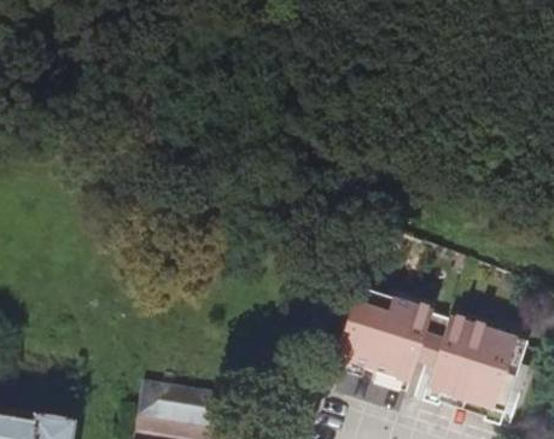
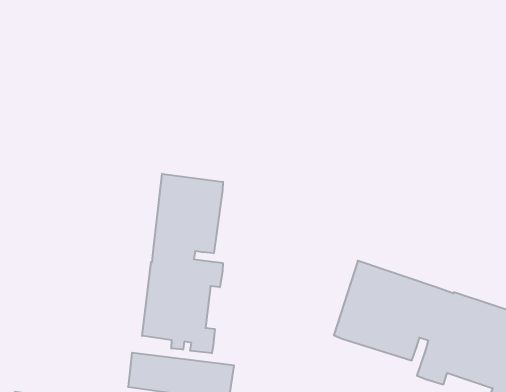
building: none -> [142,174,223,353]

